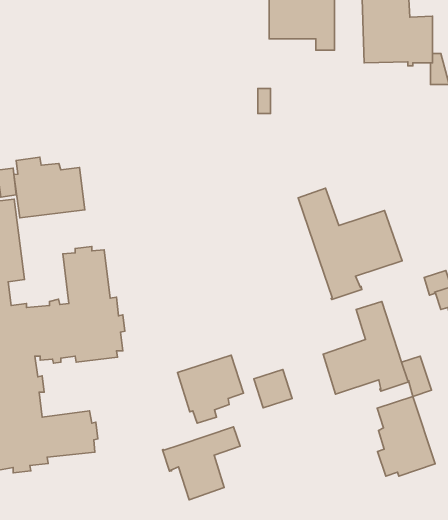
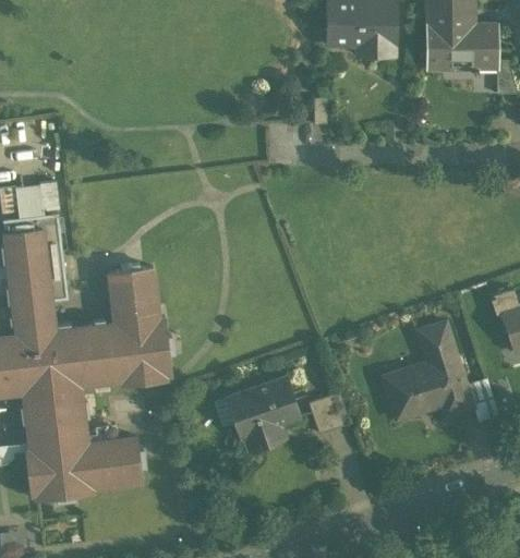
building: [14,157,85,218] -> none
building: [298,188,402,299] -> none
building: [377,396,435,476] -> none
building: [162,427,240,500] -> none

